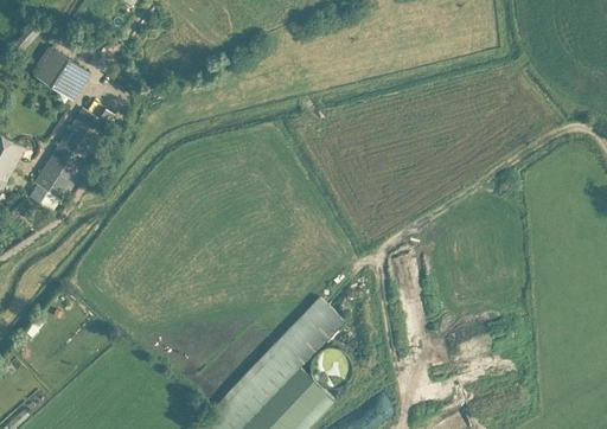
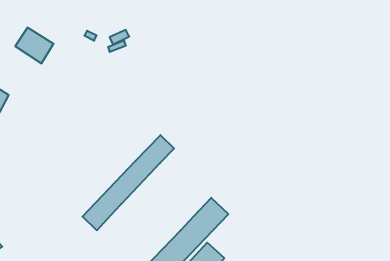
building: [30,117,103,207] -> none
building: none -> [82,135,174,230]

